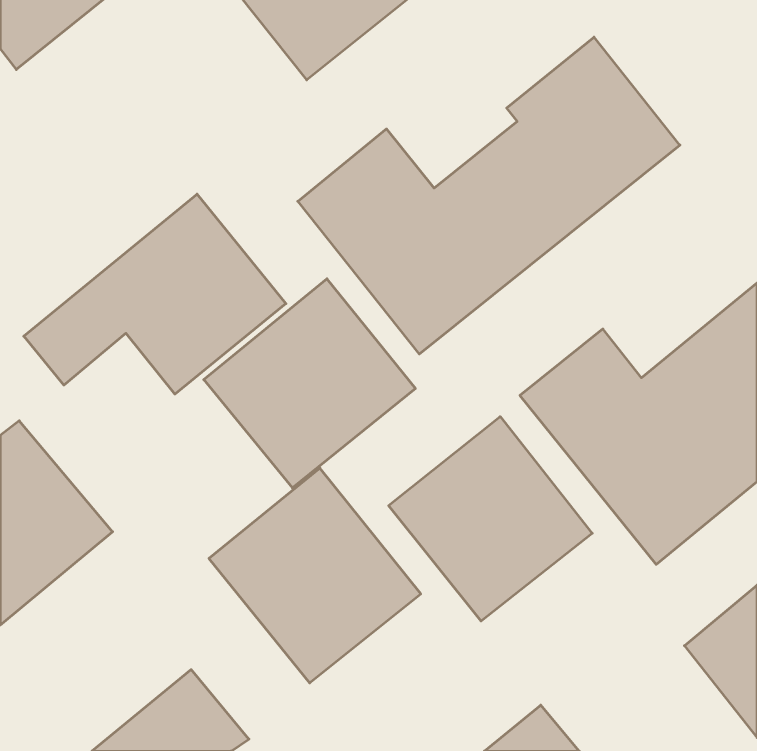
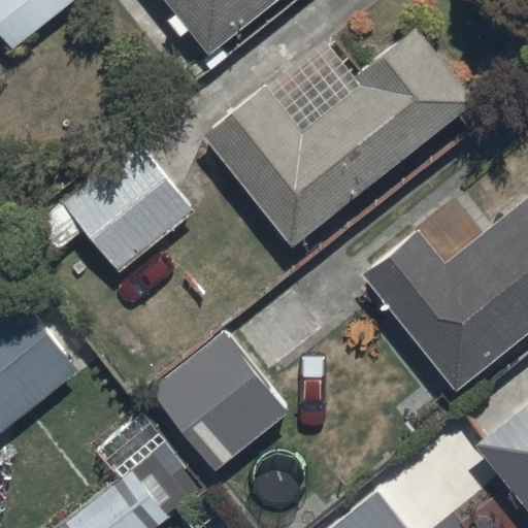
building: [204,279,415,488] -> none
building: [389,417,592,621] -> none

